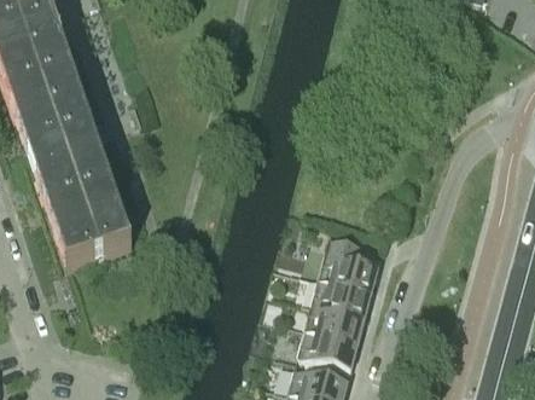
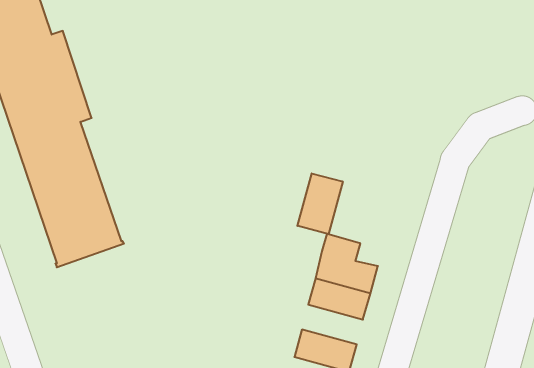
building: none -> [297,173,343,234]
building: [304,306,364,344] -> none

